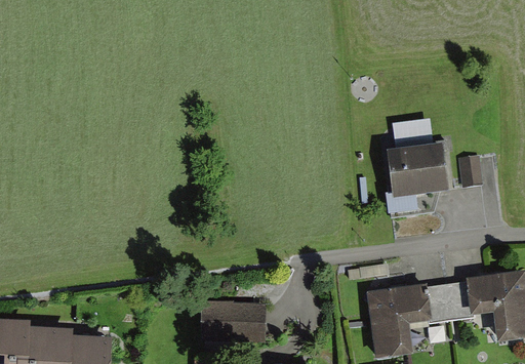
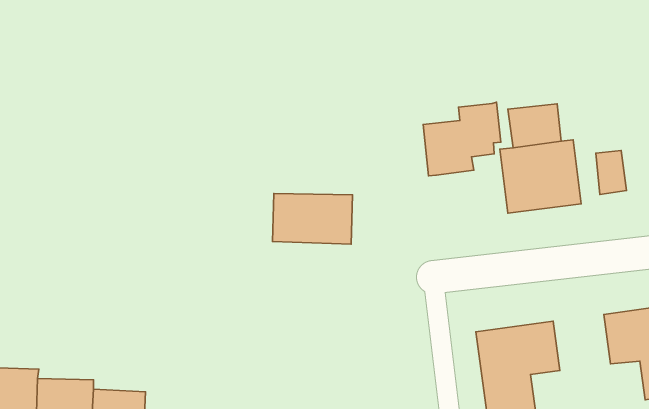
building: none -> [423,102,501,176]
building: [428,279,472,322] -> none
building: [203,296,265,335] -> [273,193,352,244]

